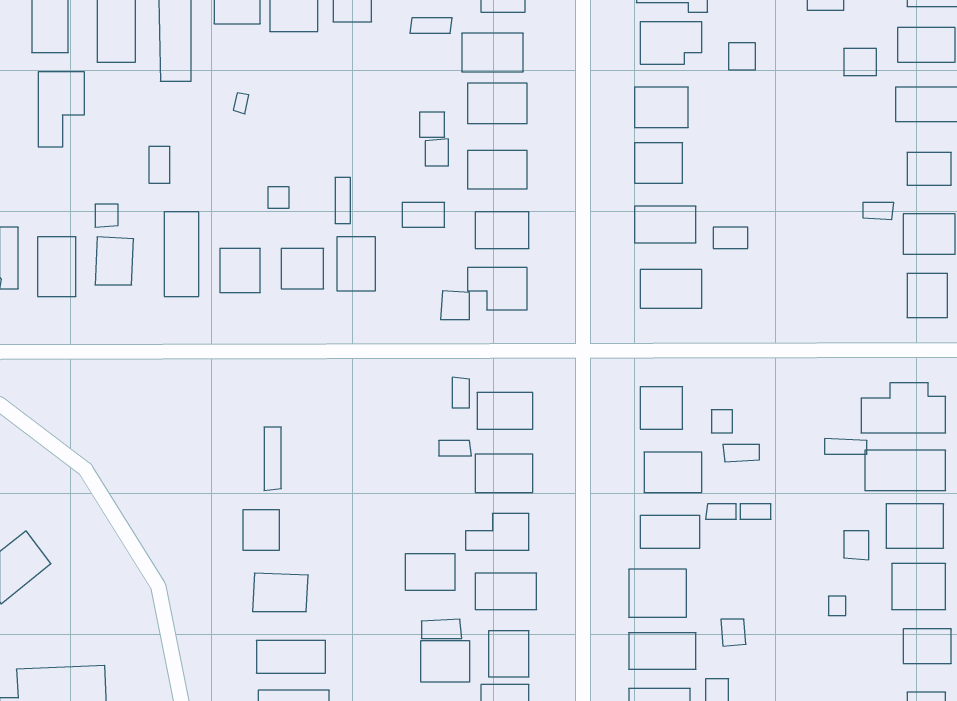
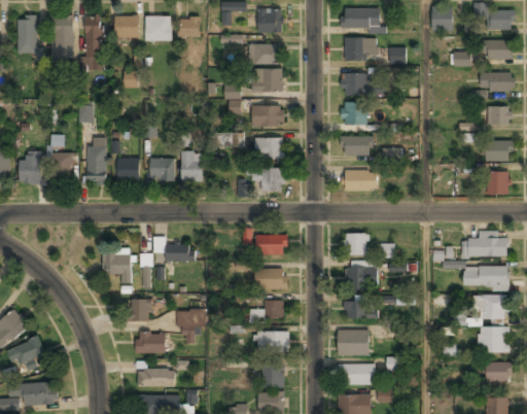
building: [38,72,84,147] -> none
building: none -> [156,243,196,263]
building: none -> [104,252,132,284]
building: [405,554,455,590] -> [177,311,204,331]
building: none -> [10,343,42,368]
building: [421,641,469,682] -> none

